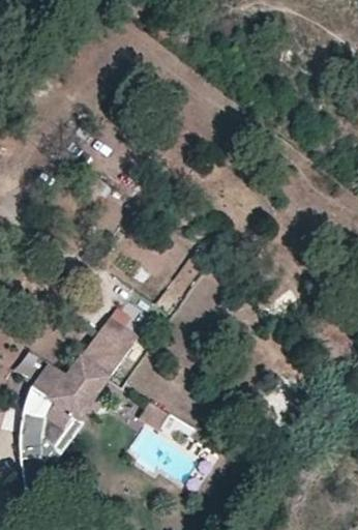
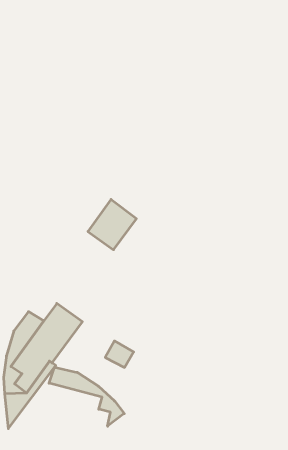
building: [82,317,137,374] -> [88,199,136,250]
building: none -> [49,367,124,426]

